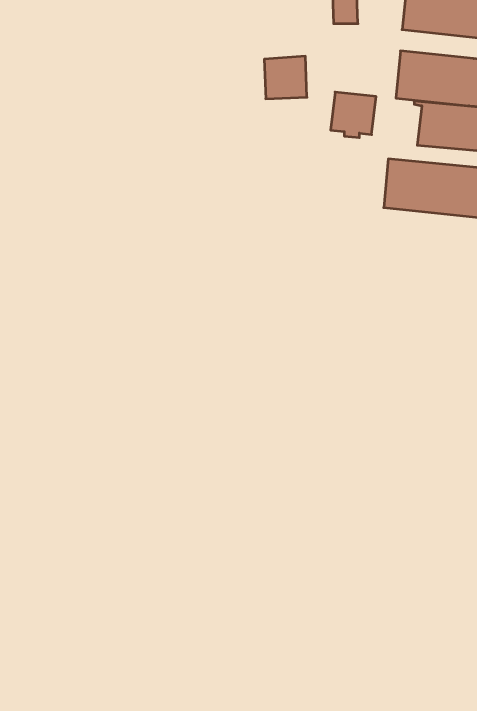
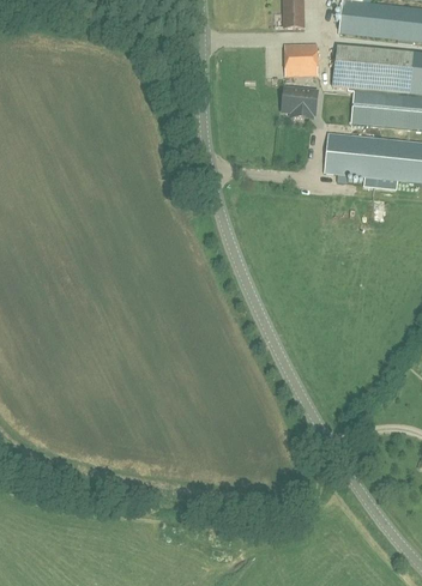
building: [264,56,307,99] -> [284,42,318,75]

